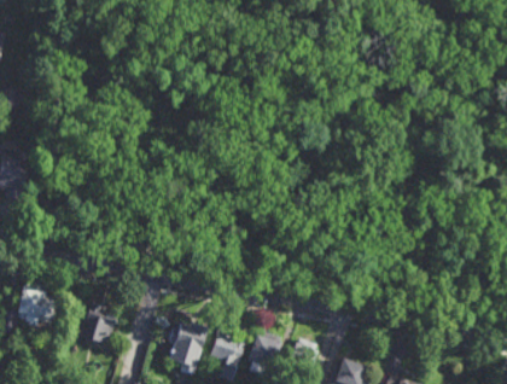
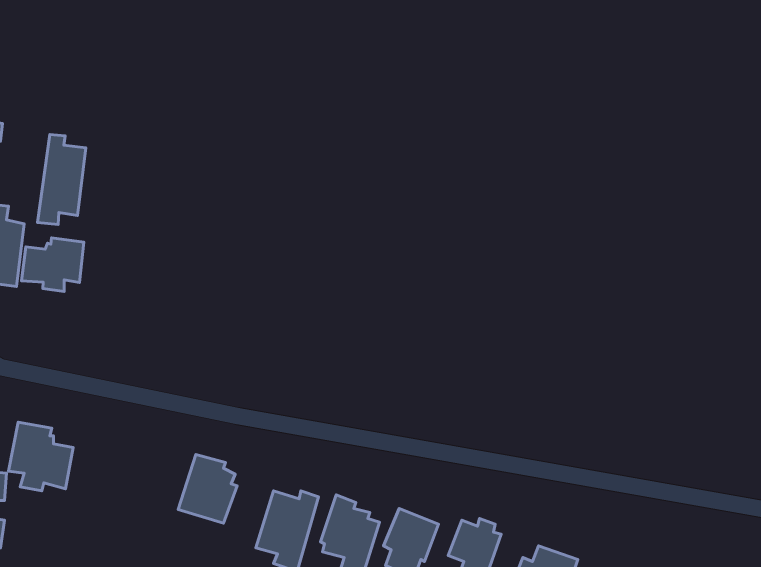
building: none -> [37,134,86,224]
building: none -> [22,238,84,291]
building: [80,303,116,345] -> [178,455,237,523]

